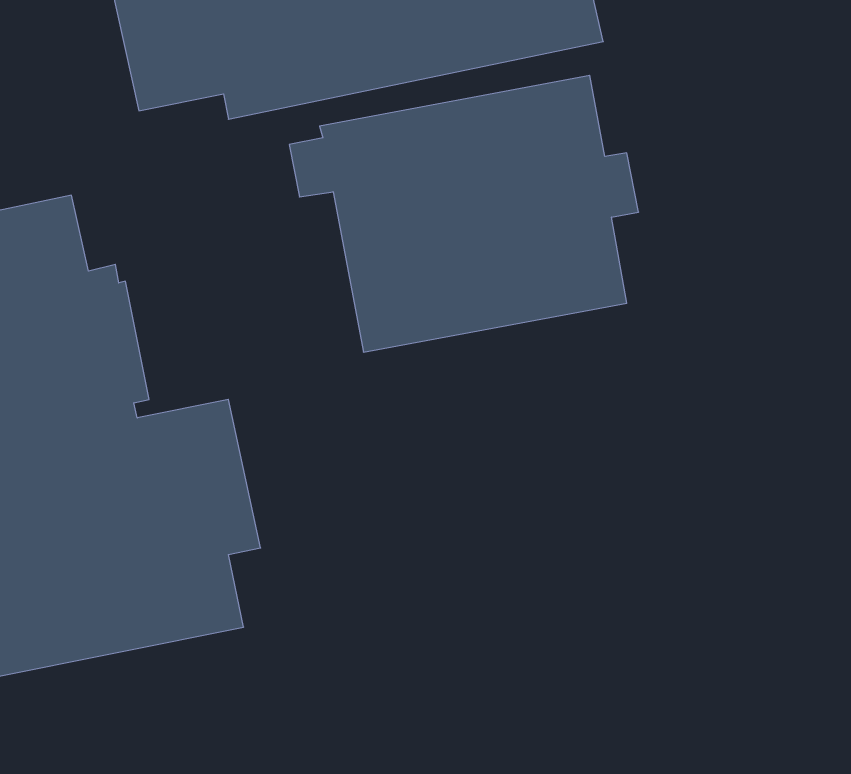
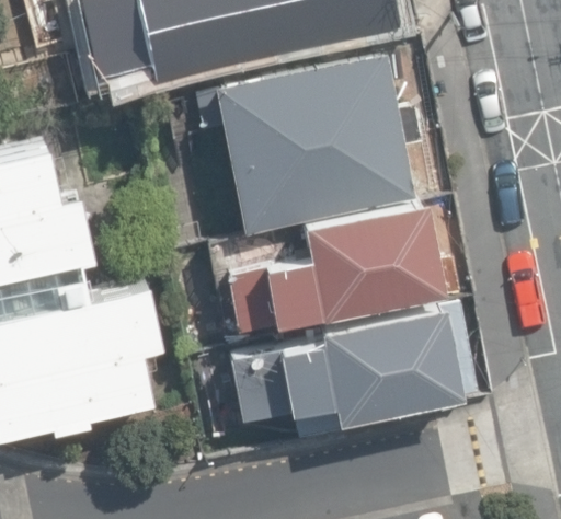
building: none -> [229,200,440,334]
building: none -> [227,304,474,441]

